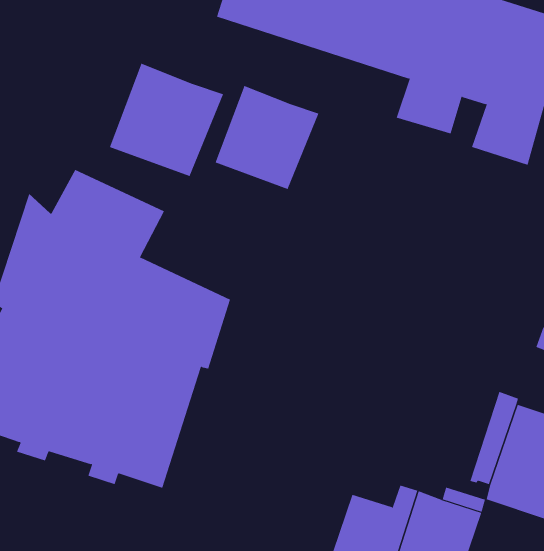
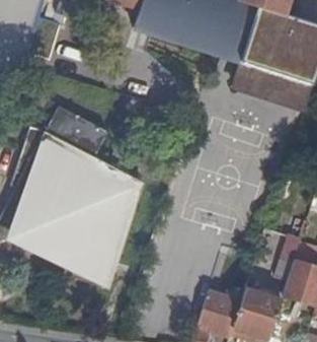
building: [109,63,224,177] -> none
building: [215,85,319,190] -> none

